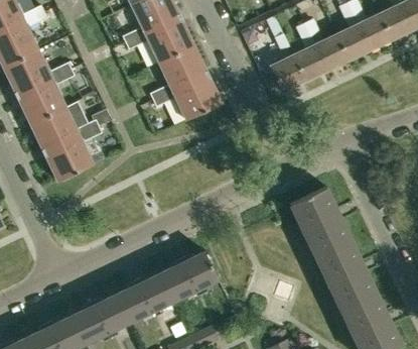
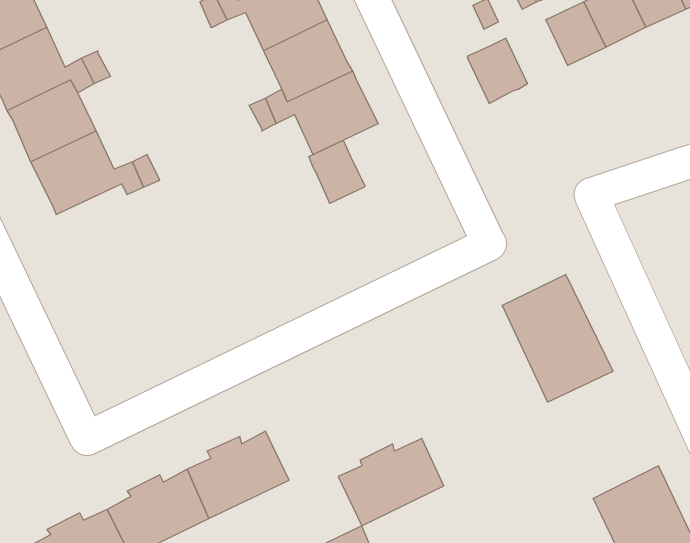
building: [292,45,326,81] -> none
building: none -> [309,140,365,203]
building: [43,136,94,182] -> none
building: [315,240,377,311] -> none
building: [159,252,218,301] -> [338,438,444,526]

